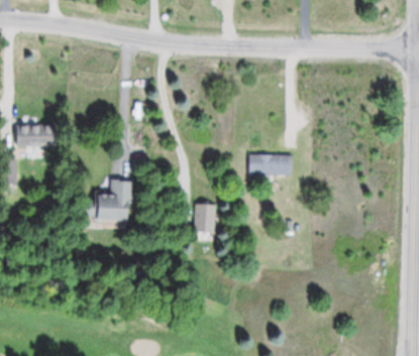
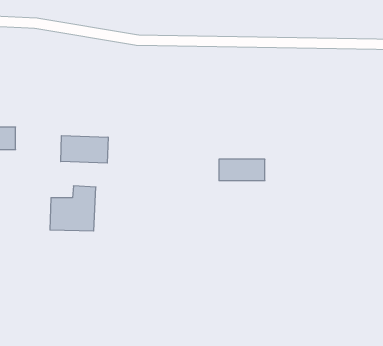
building: none -> [61,136,108,163]
building: [195,205,215,235] -> none

